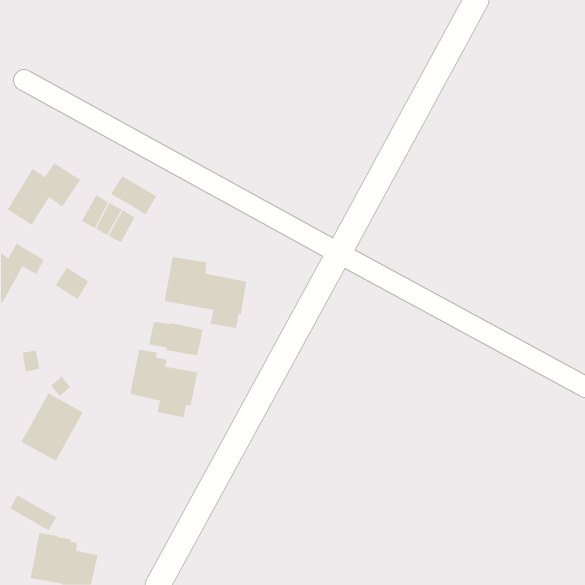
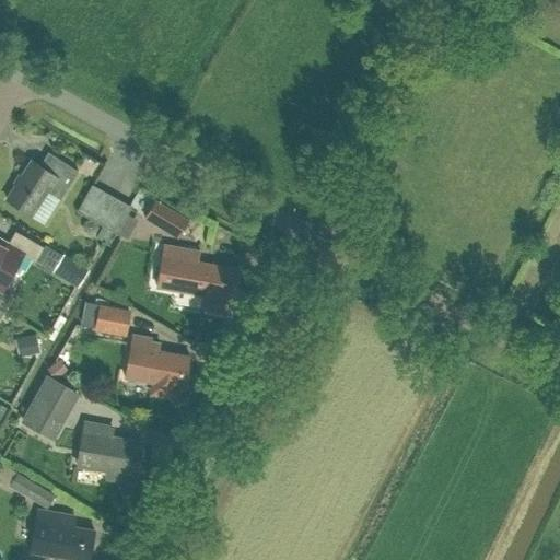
building: [110,176,157,216] -> [143,201,188,240]
building: [149,322,204,356] -> [78,303,130,336]
building: none -> [77,422,141,482]

